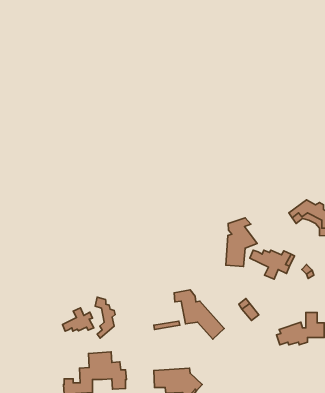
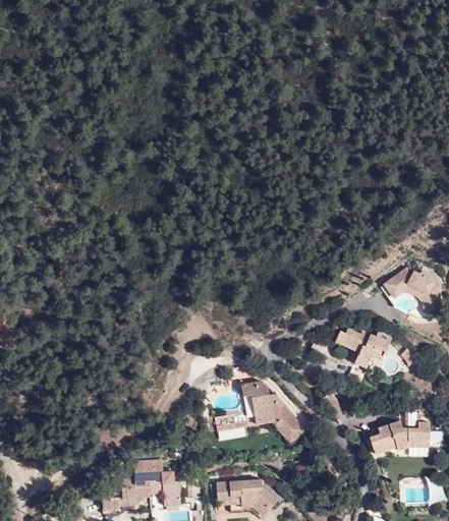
building: [226,218,257,267] -> none
building: [95,297,115,338] -> none
building: [62,308,94,331] -> none

